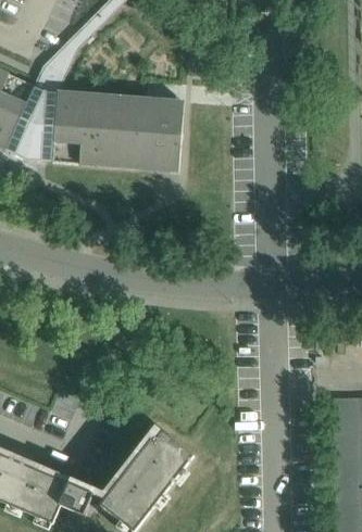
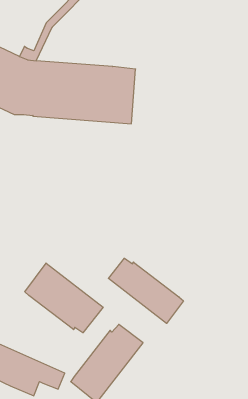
building: none -> [108,258,183,323]
building: none -> [25,263,103,333]

